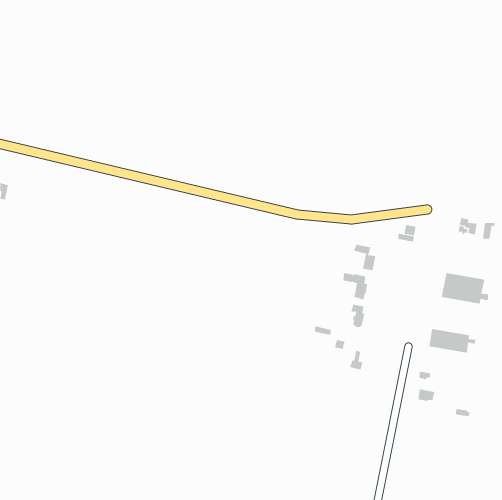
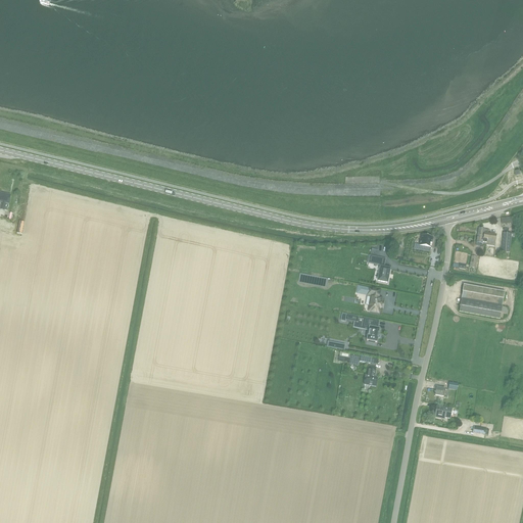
building: [429,328,476,354] -> none

